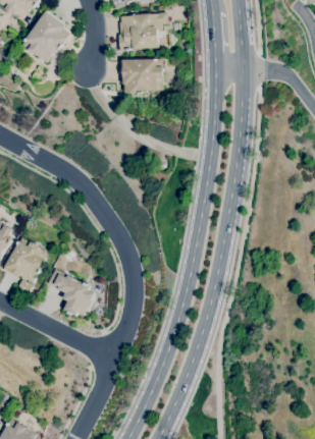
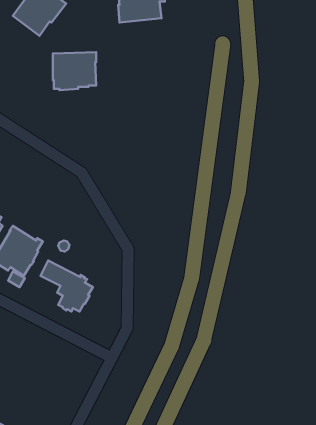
building: [123,59,163,94] -> [53,52,96,90]

